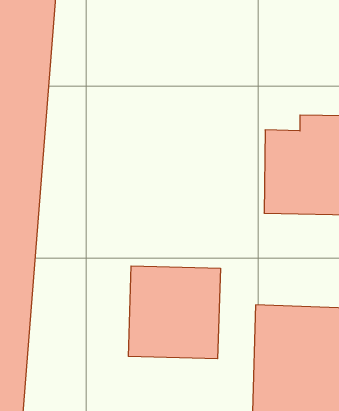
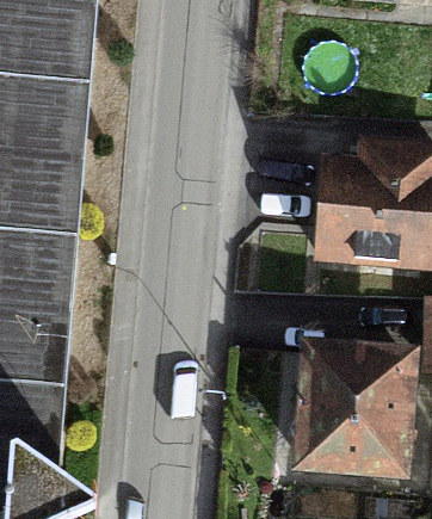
building: [128,266,220,359] -> none

